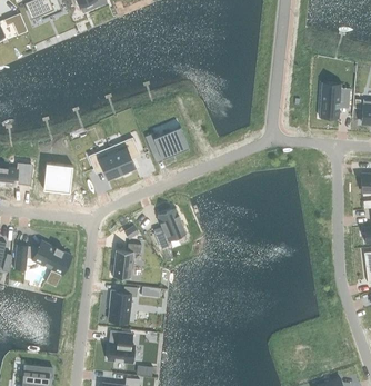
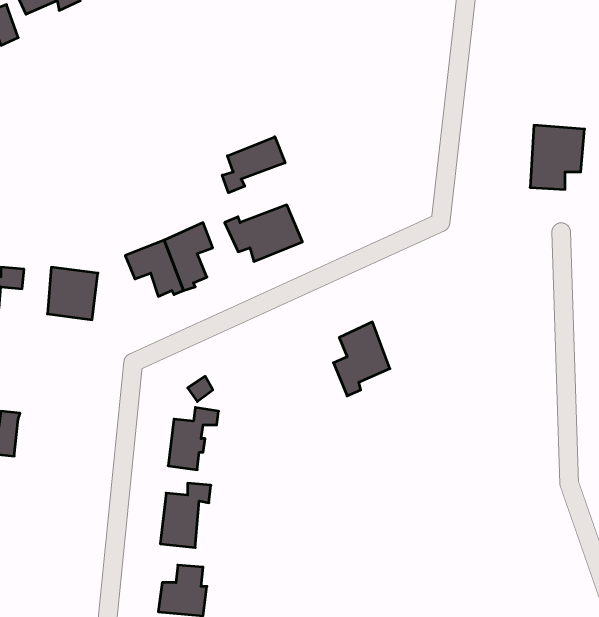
building: none -> [222,137,285,193]
building: [153,207,186,249] -> [333,322,390,396]
building: [32,240,71,287] -> none

